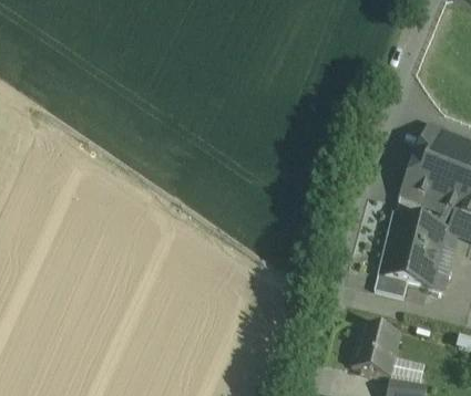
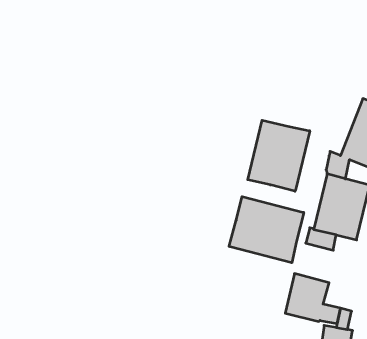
building: none -> [248,120,310,191]
building: none -> [229,197,304,263]

